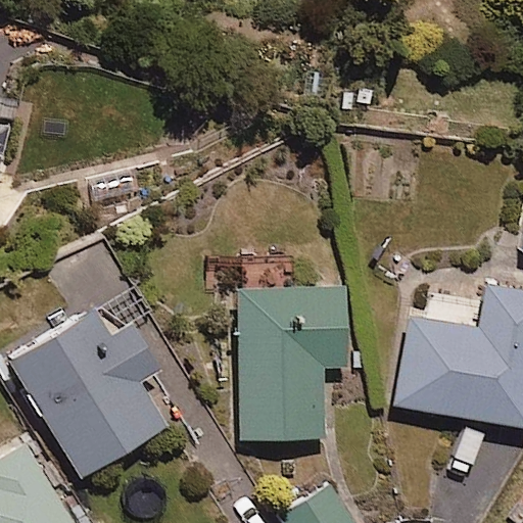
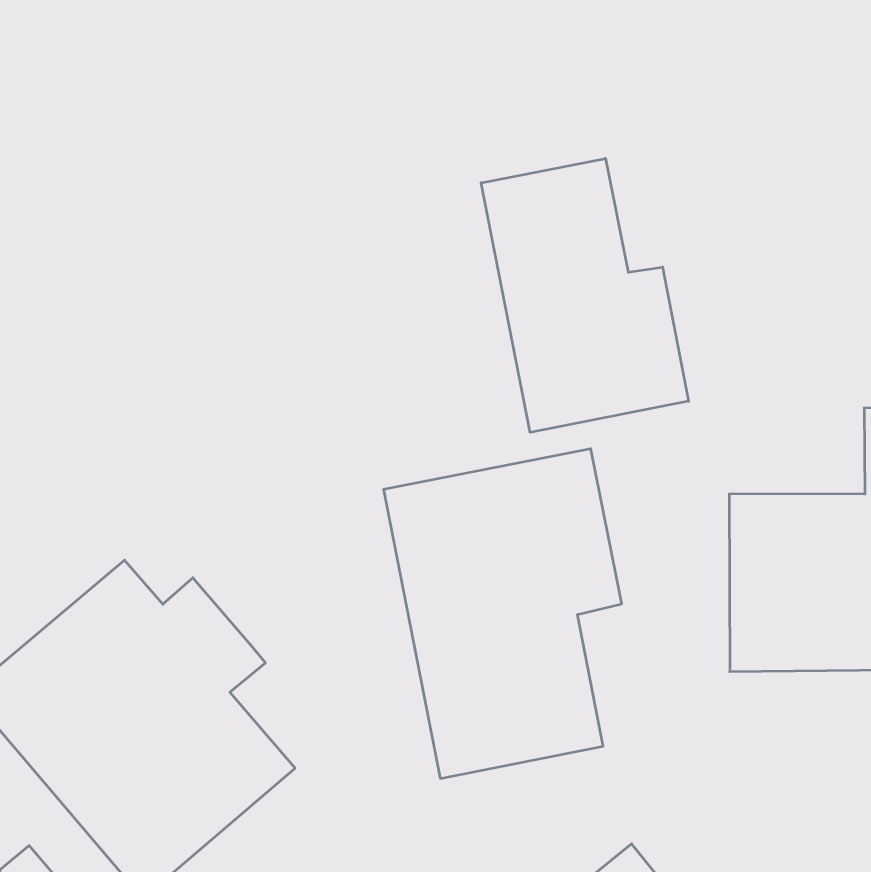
building: none -> [481,158,689,432]

